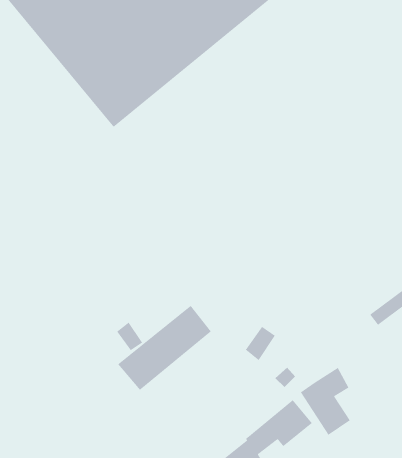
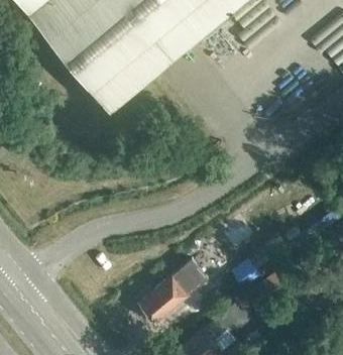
building: [117,305,212,391] -> [138,261,206,323]

